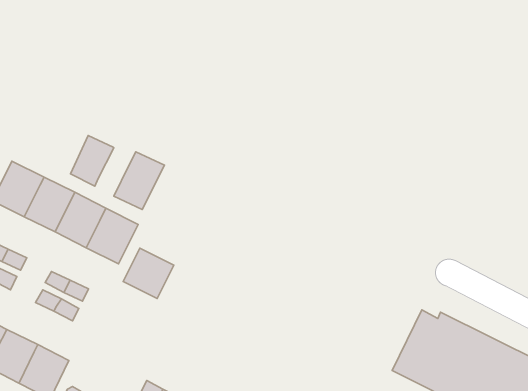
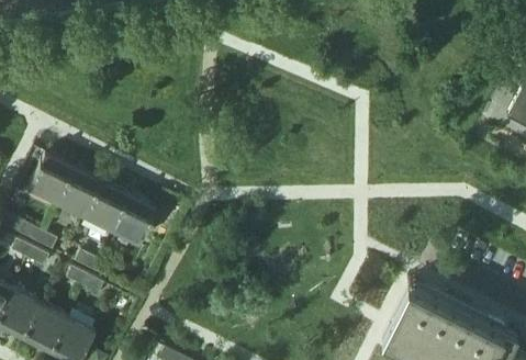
building: [70,136,114,186] -> none
building: [114,152,164,210] -> none
building: [123,248,174,299] -> none

